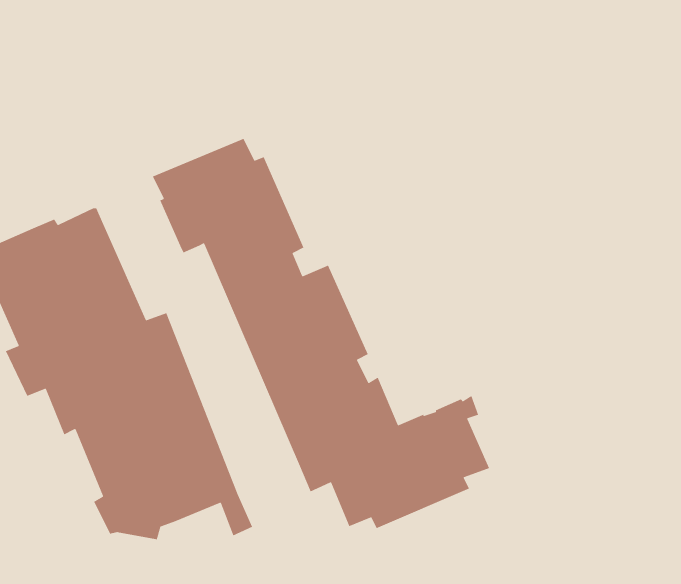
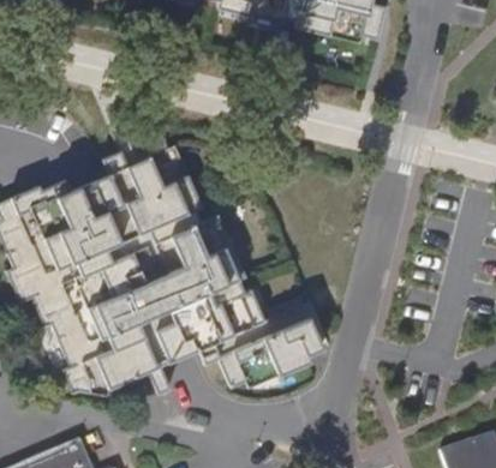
building: none -> [70,173,197,365]

